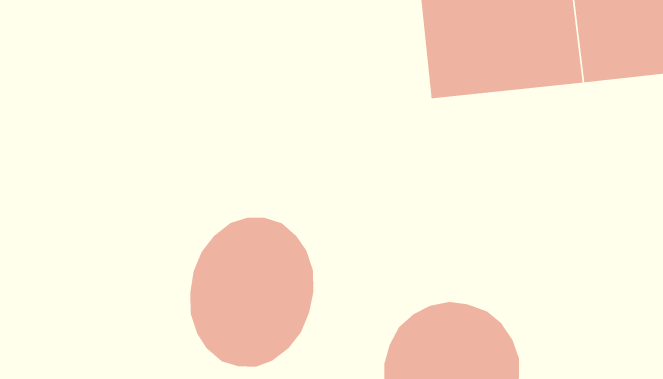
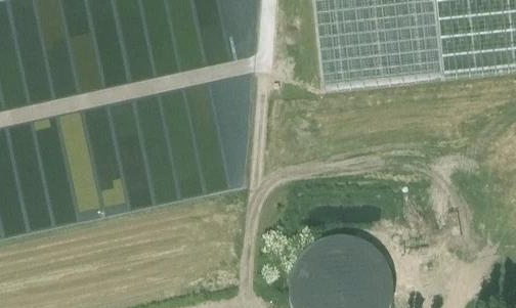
building: [190,217,314,368] -> none

